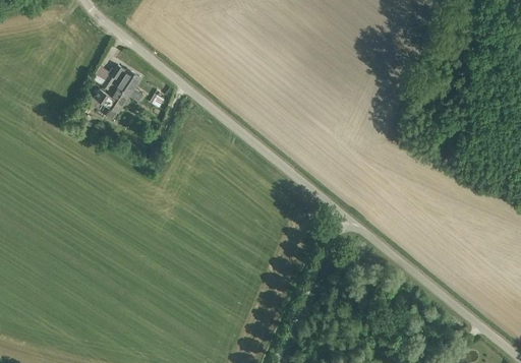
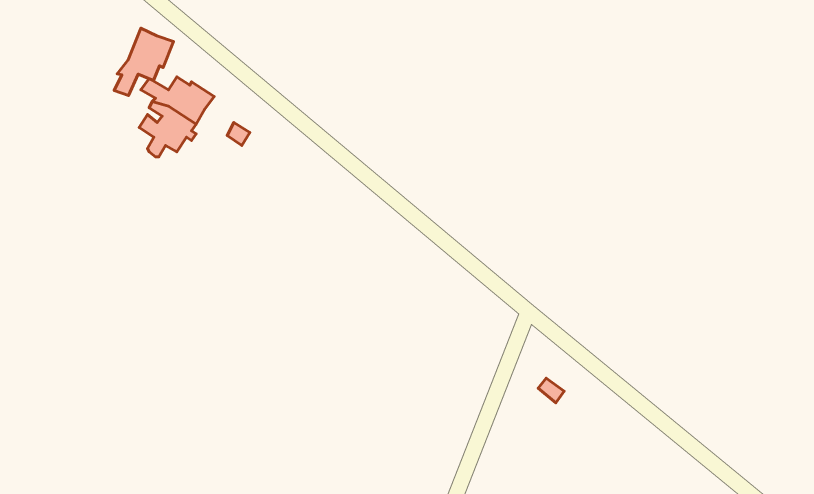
building: none -> [114,28,174,95]

